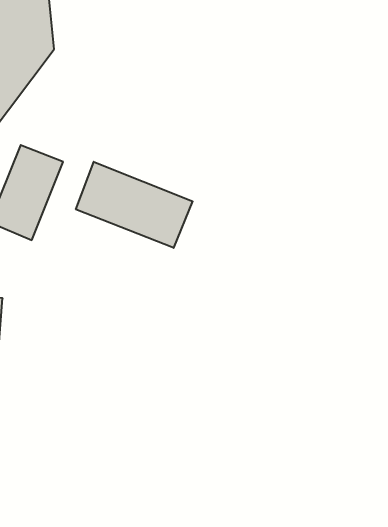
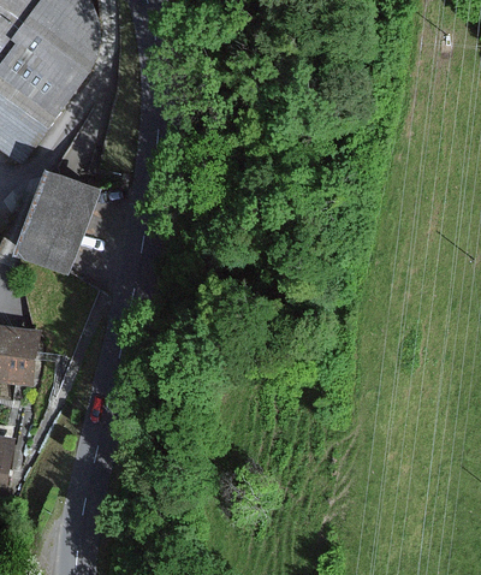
building: [76,162,193,248] -> none

